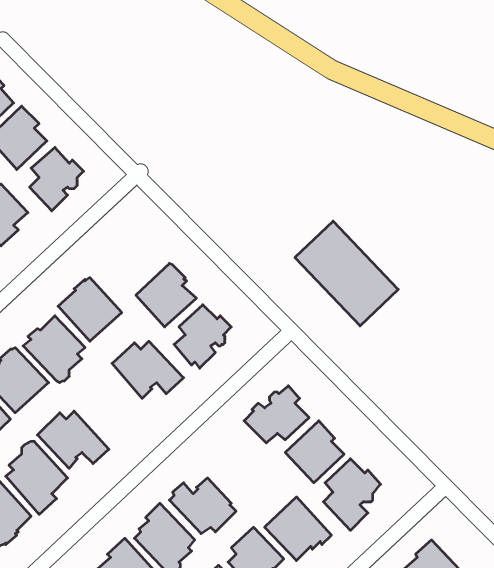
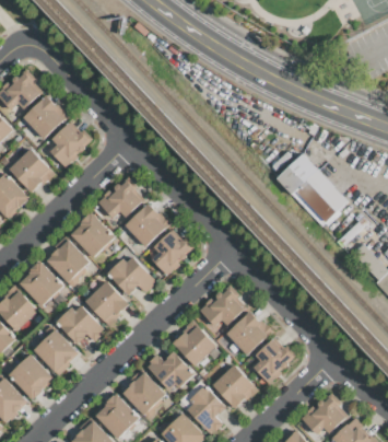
building: [295,221,398,326] -> [275,153,346,225]
building: none -> [98,181,142,218]
building: none -> [86,280,129,325]
building: none -> [173,319,216,365]

